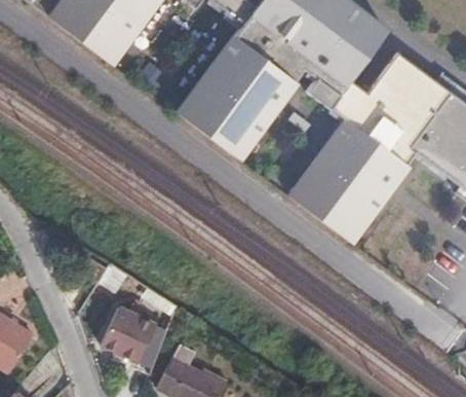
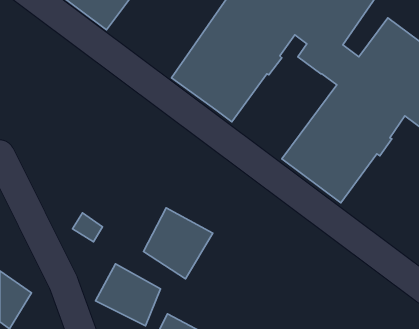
building: none -> [143,208,213,279]

